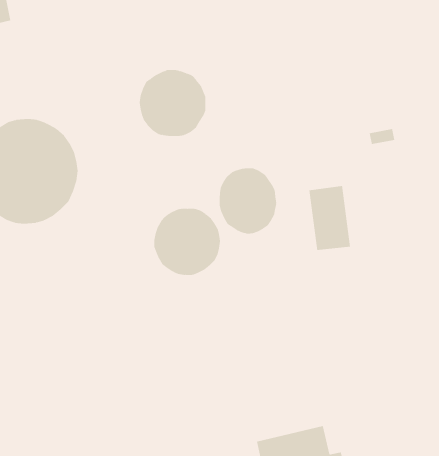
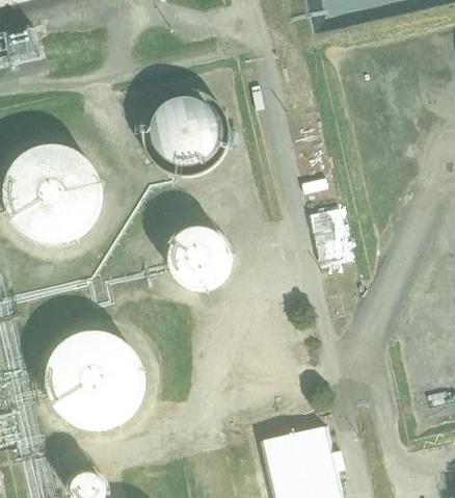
building: [219,167,277,235] -> none
building: none -> [45,331,143,430]

